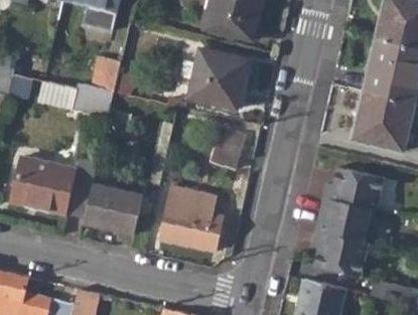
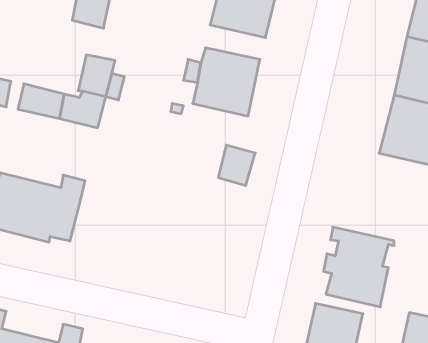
building: [312,163,376,216] -> none
building: [83,181,143,233] -> none
building: [161,185,225,251] -> none

